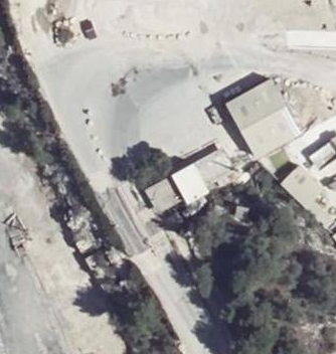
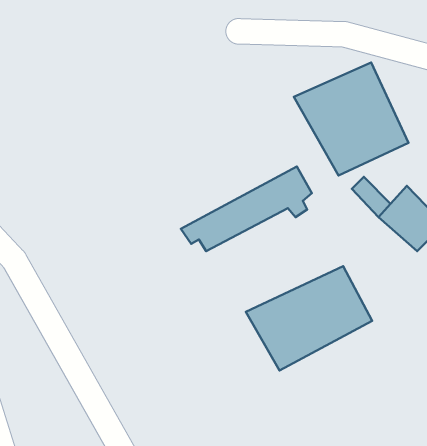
building: none -> [246,266,372,371]

